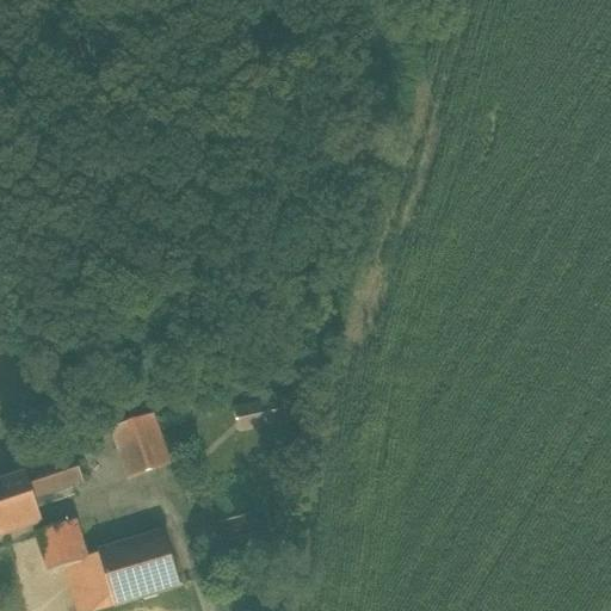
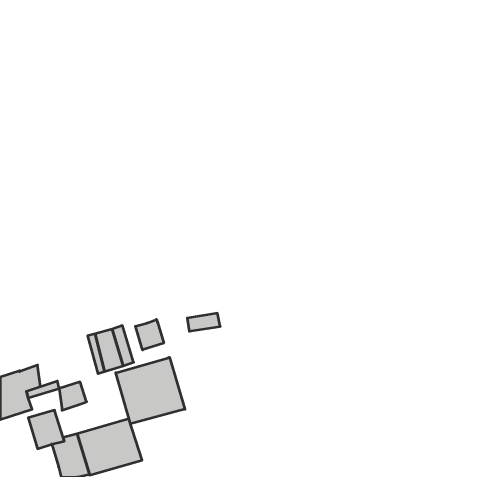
building: none -> [135,319,164,350]
building: none -> [116,357,185,424]
building: [48,455,82,490] -> [59,382,87,410]

